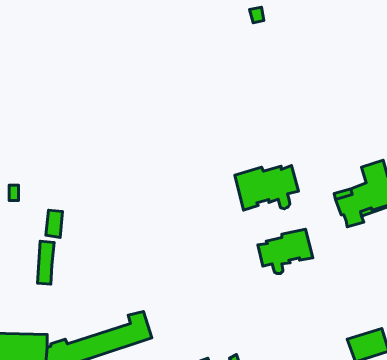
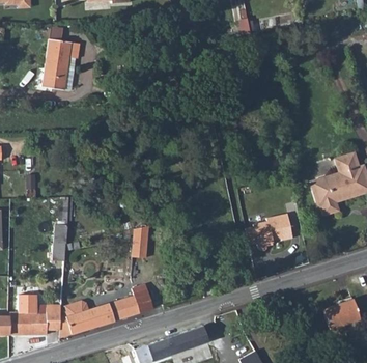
building: none -> [41,39,80,89]
building: [235,165,299,210] -> none
building: none -> [132,227,148,257]

